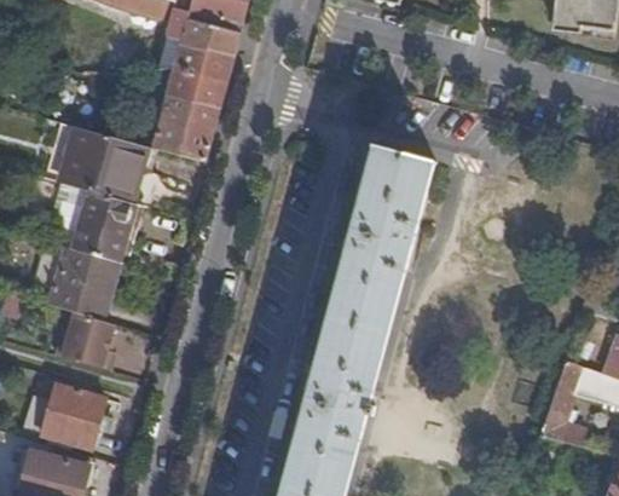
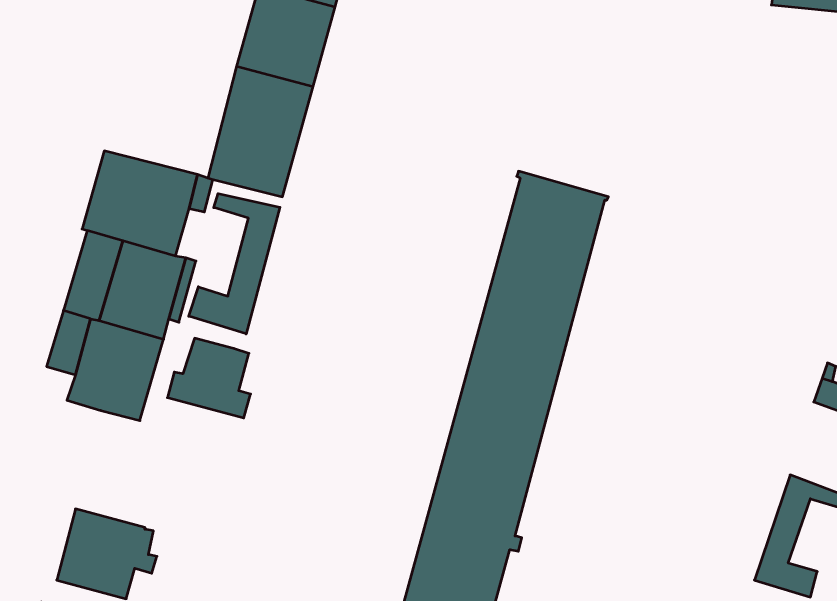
building: none -> [189,194,280,334]
building: [54,313,114,370] -> [167,338,251,418]

